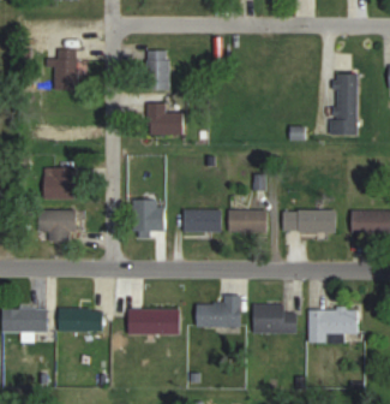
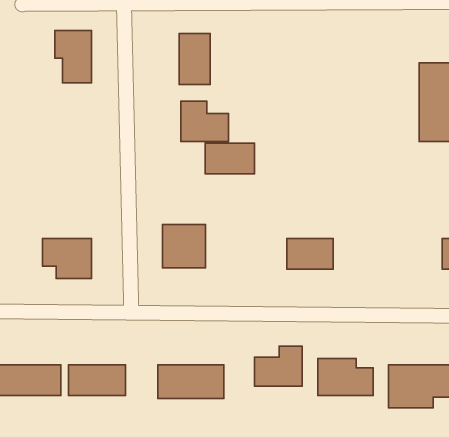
building: [43,171,78,200] -> none
building: [184,209,222,233] -> [205,143,254,174]
building: [282,209,337,233] -> none

